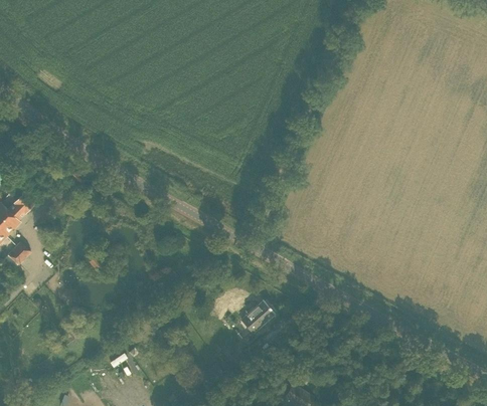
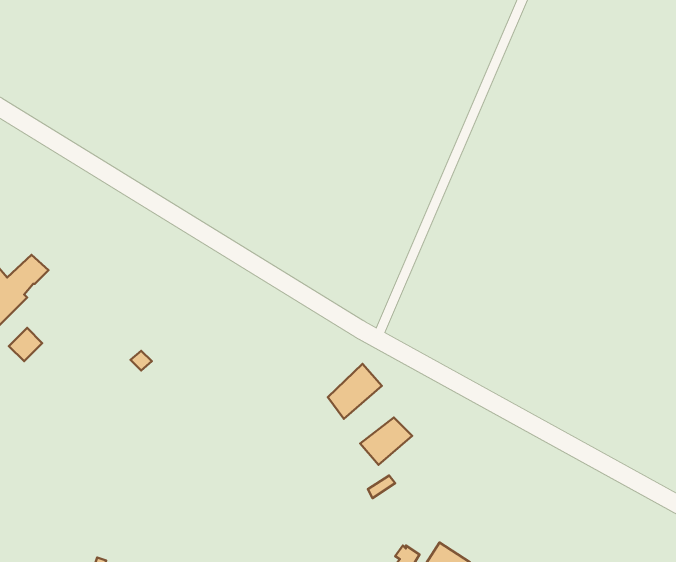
building: none -> [328,364,382,419]

